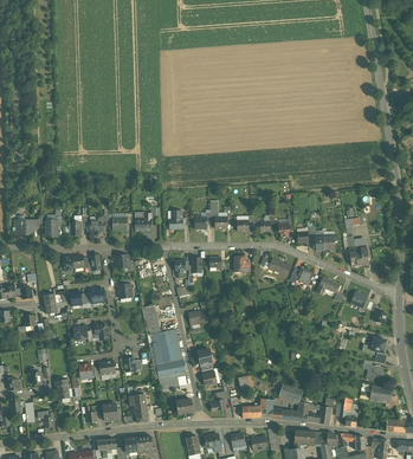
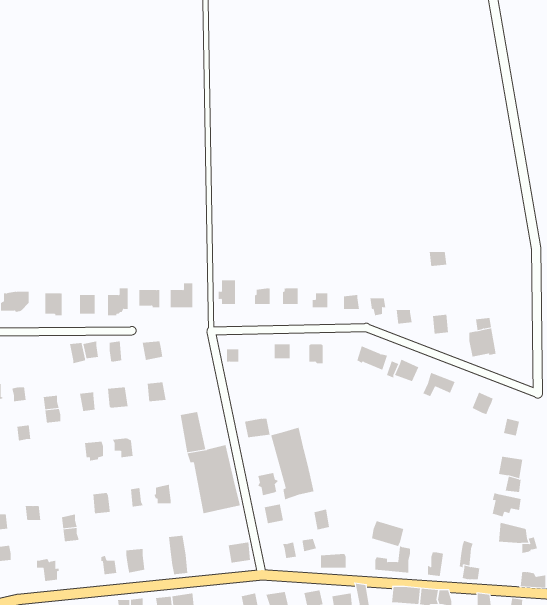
building: none -> [271,427,314,500]

